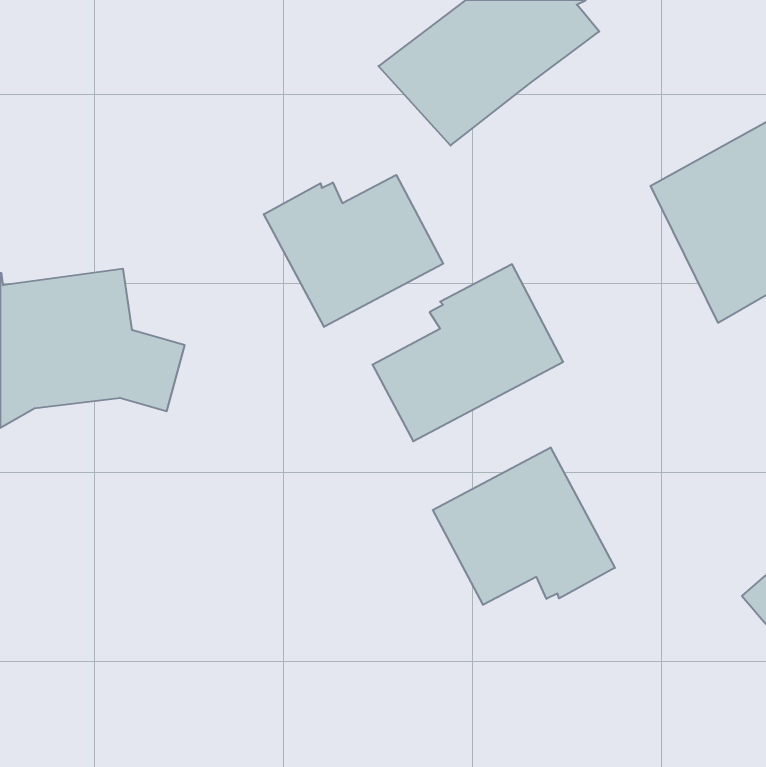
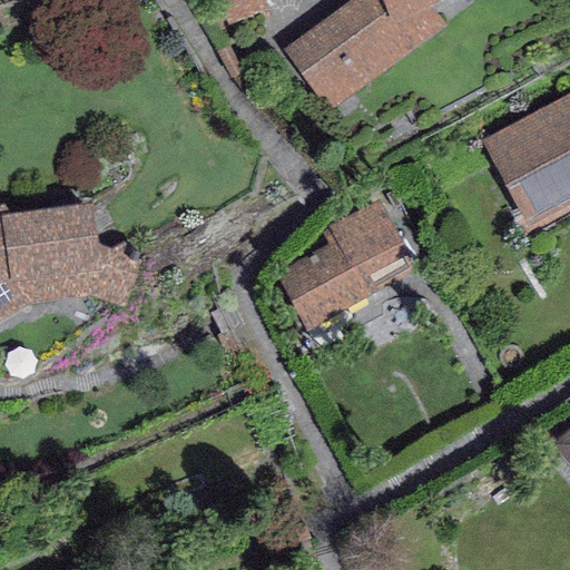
building: [264,175,443,327] -> none
building: [433,447,615,605] -> none

